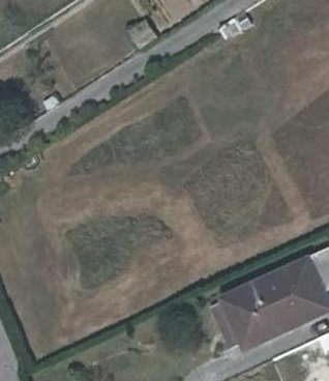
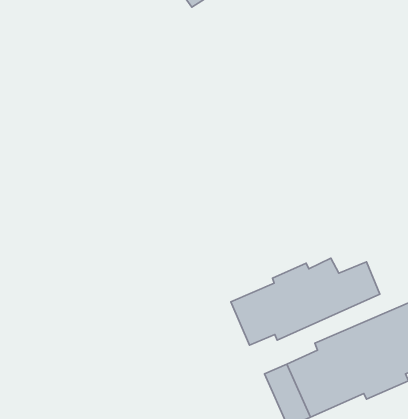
building: none -> [231,258,380,345]

